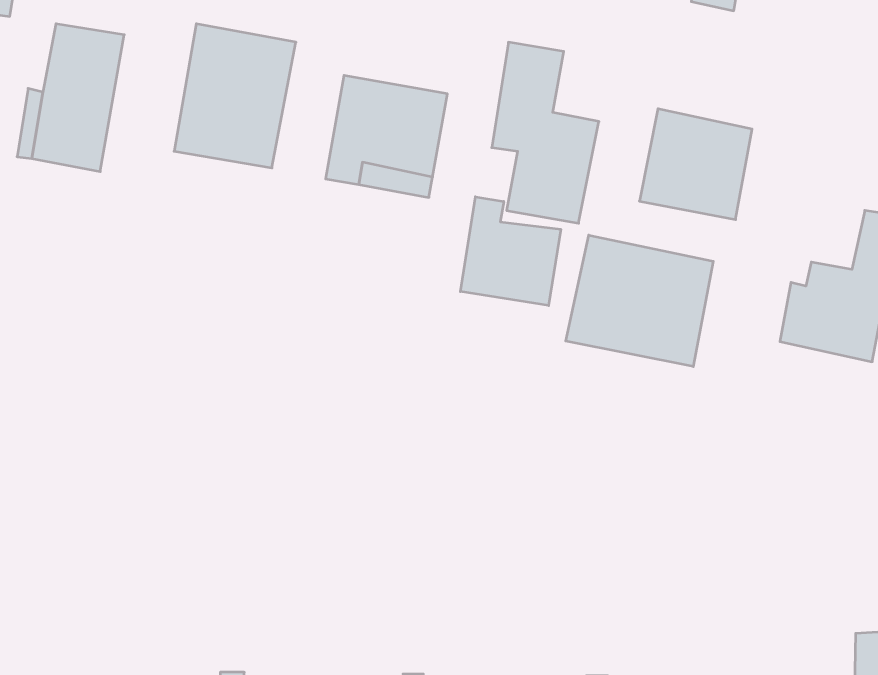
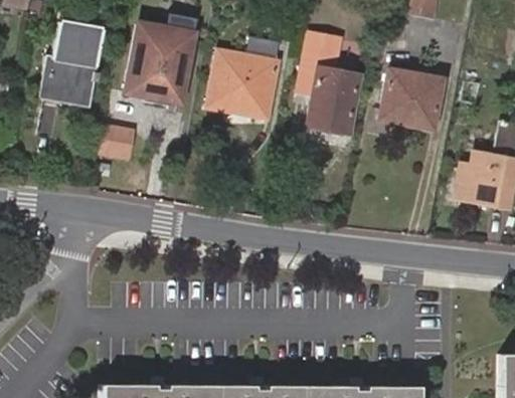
building: [460,197,561,306] -> none
building: none -> [101,121,134,153]
building: [566,235,713,367] -> none

